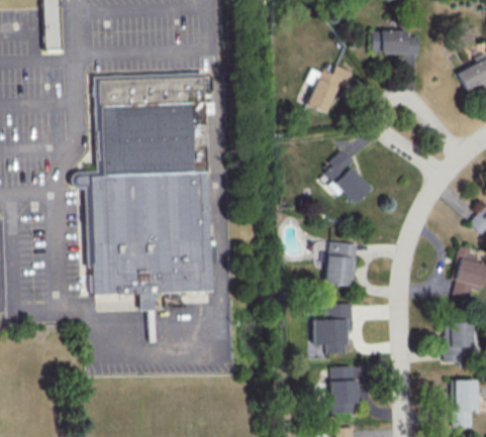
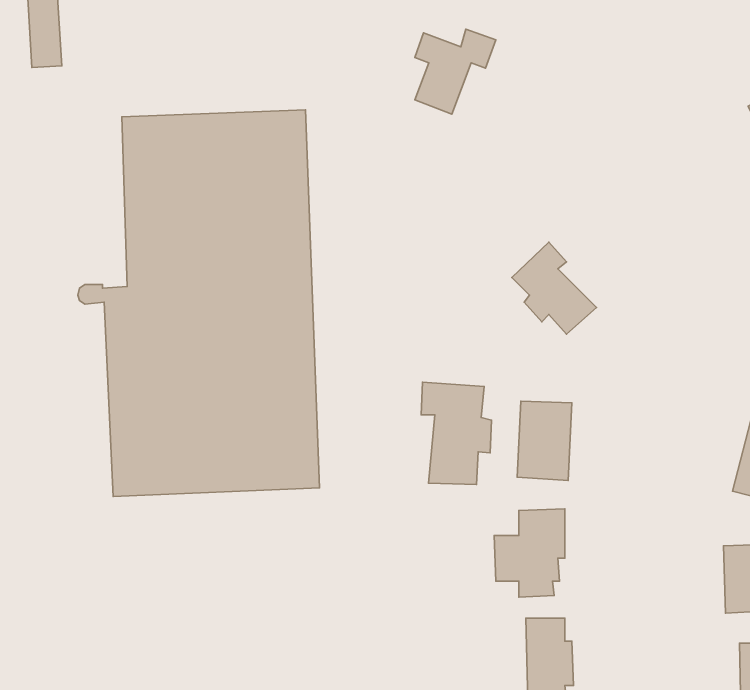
building: [372,31,419,54] -> none
building: [306,67,353,115] -> [415,29,496,114]
building: none -> [421,382,491,484]

